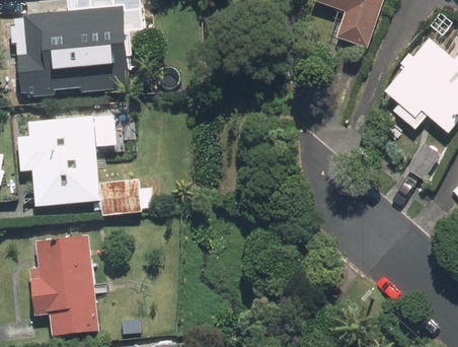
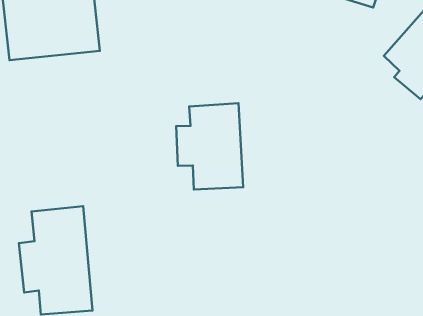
building: [22,117,143,211] -> none
building: none -> [176,103,243,189]

